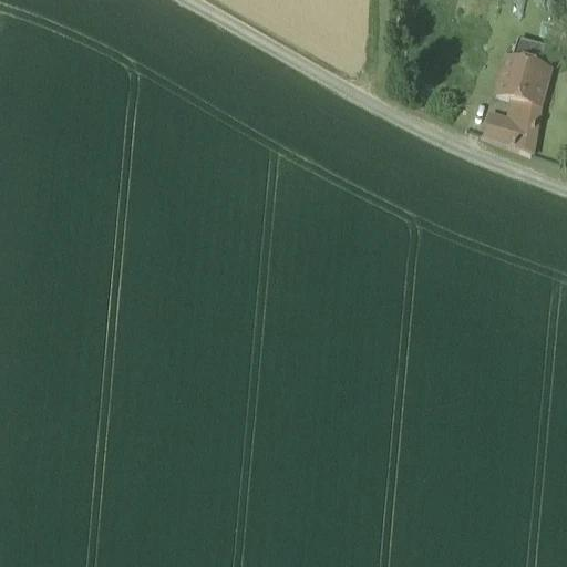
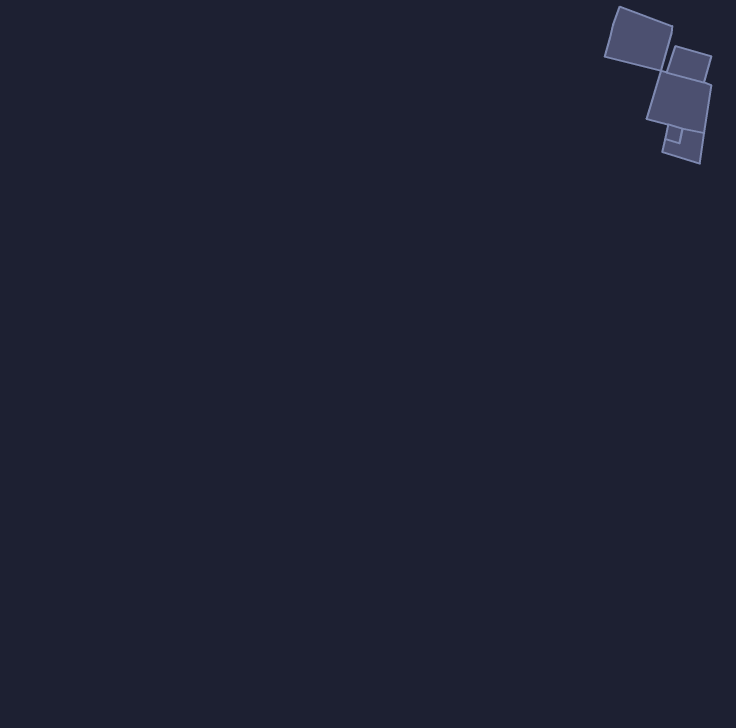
building: none -> [605,7,672,71]
building: [485,112,538,152] -> none

